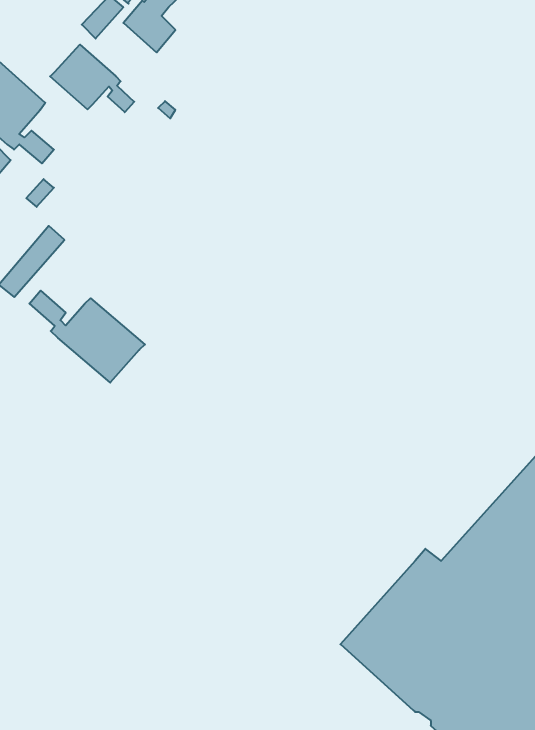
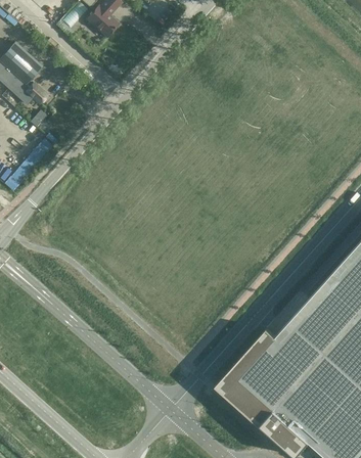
building: [50,45,134,112] -> none
building: [29,291,145,383] -> none

